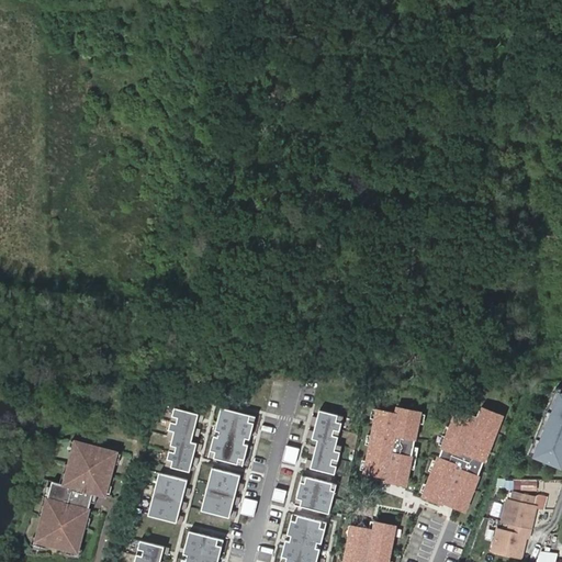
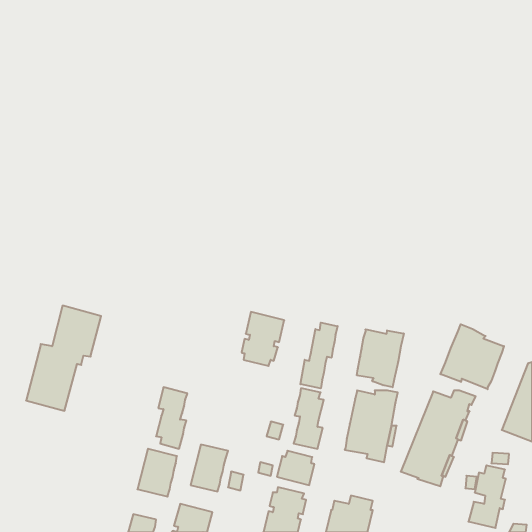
building: none -> [300,323,338,388]
building: none -> [440,324,504,389]
building: none -> [357,329,404,387]
building: [209,411,254,468] -> [242,312,284,366]
building: [36,440,115,551] -> [26,306,101,411]

